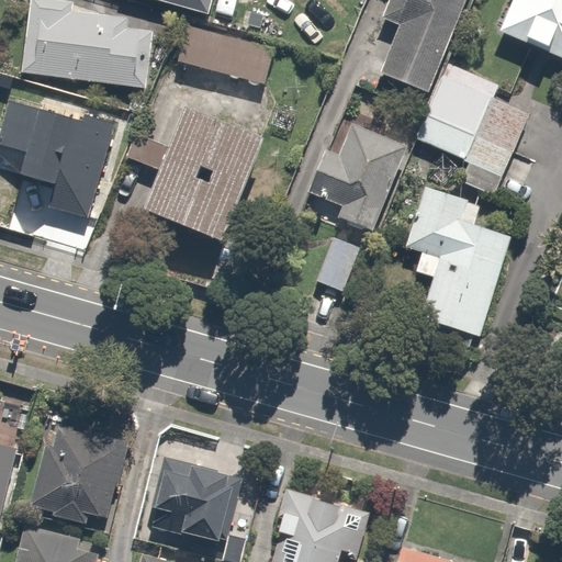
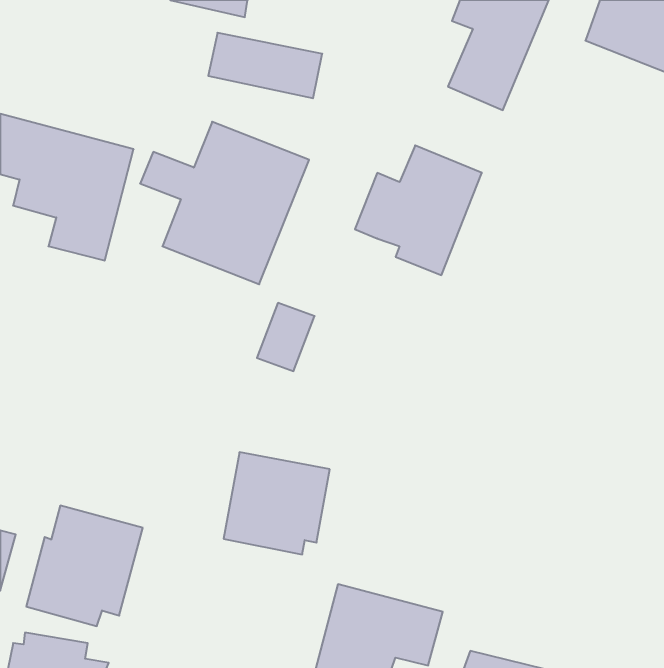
building: [26,5,154,85] -> none
building: [416,61,531,192] -> none
building: [403,183,514,340] -> none
building: [314,236,362,293] -> [257,303,315,371]
building: [149,458,238,543] -> [224,452,330,554]

